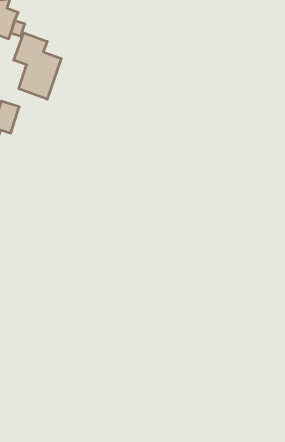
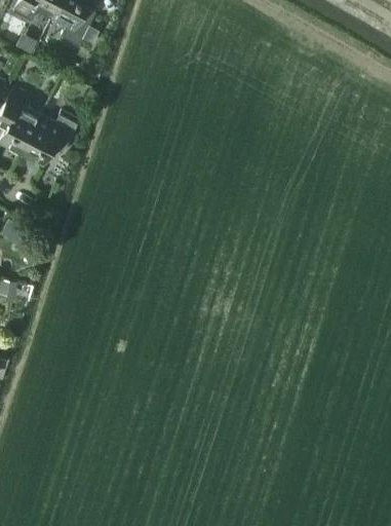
building: [14,33,61,99] -> none

